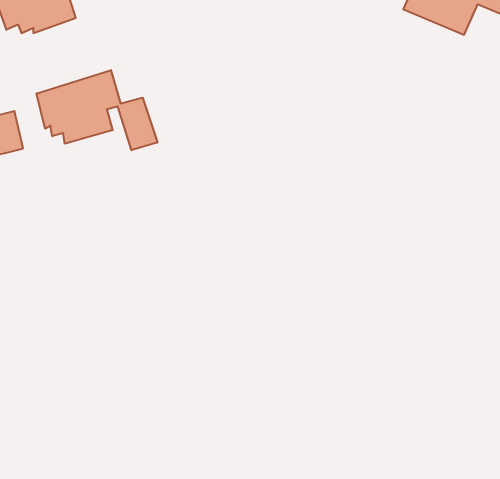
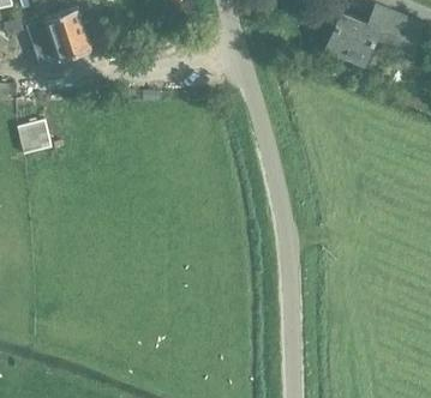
building: [37,70,157,150] -> none

